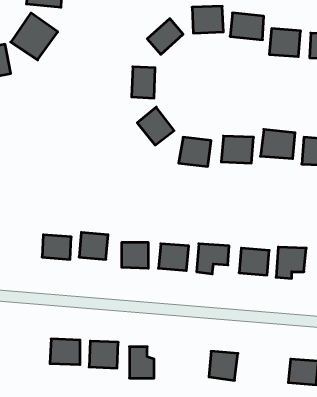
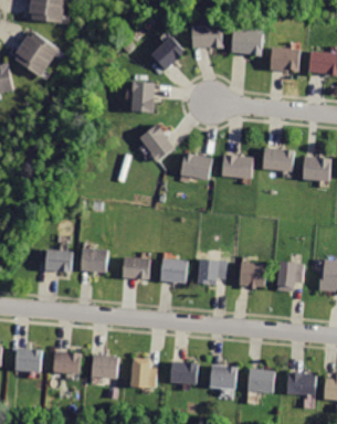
building: none -> [15,346,44,371]
building: none -> [169,358,199,386]
building: none -> [246,368,274,394]

